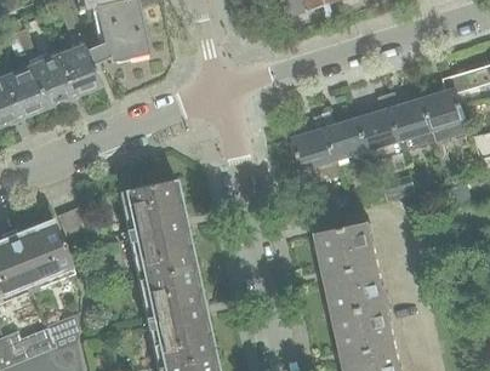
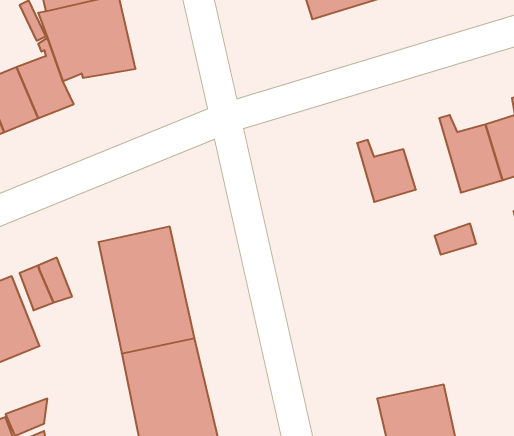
building: [357,95,401,161] -> none
building: [292,114,334,170] -> none
building: [318,221,388,314] -> none

